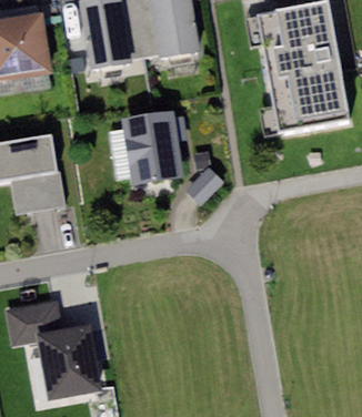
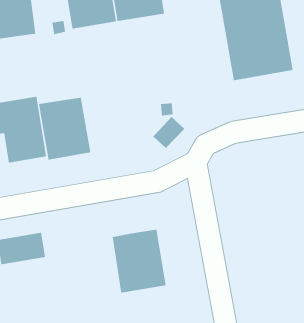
building: [123,111,184,184] -> [38,97,91,160]
building: [38,326,101,400] -> [112,229,167,293]

